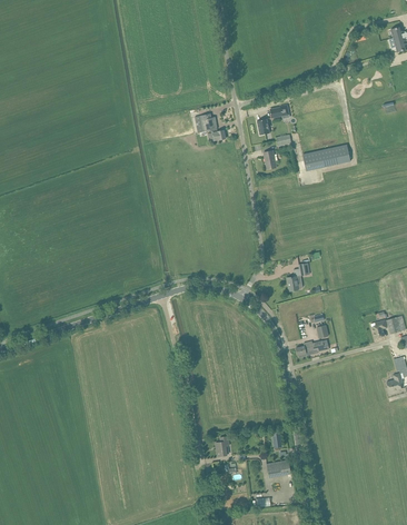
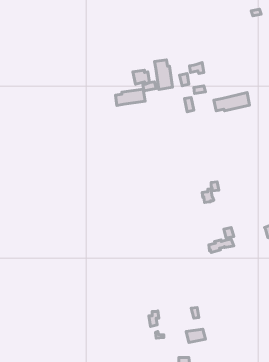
building: none -> [154,60,173,89]
building: none -> [115,89,145,105]

